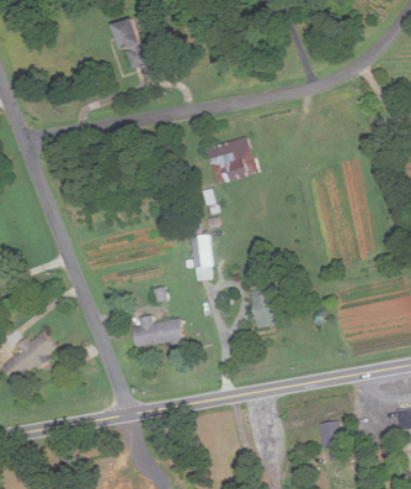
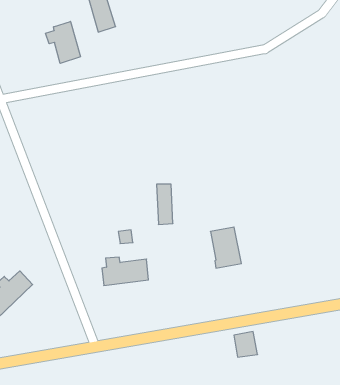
building: none -> [45,21,81,63]
building: [206,137,256,185] -> none
building: [318,420,344,448] -> [234,332,258,357]

